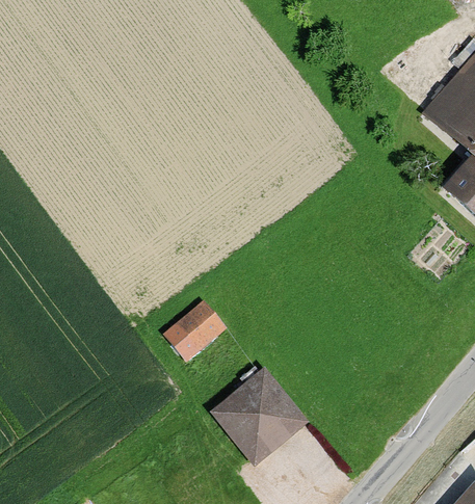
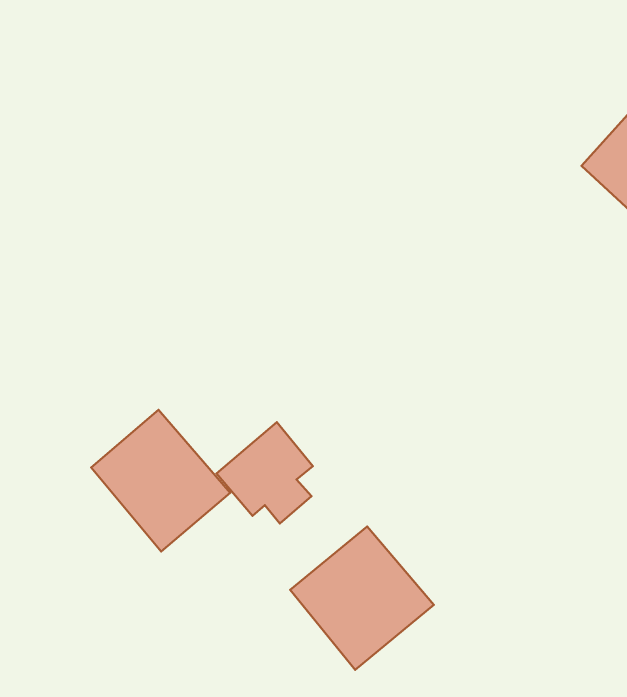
building: none -> [91,410,230,551]

